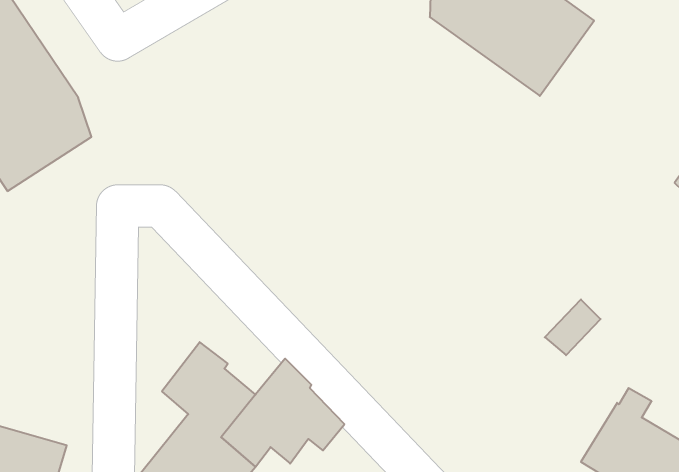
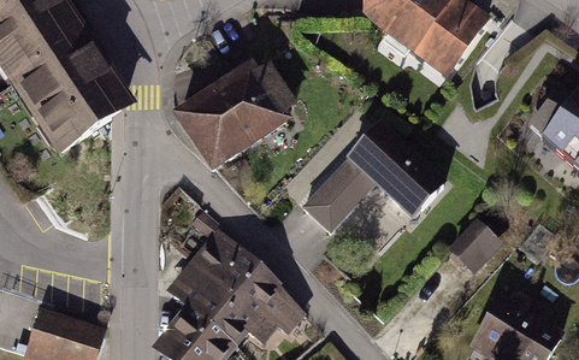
building: none -> [181,64,285,164]
building: none -> [307,126,442,225]
building: none -> [191,209,260,290]

